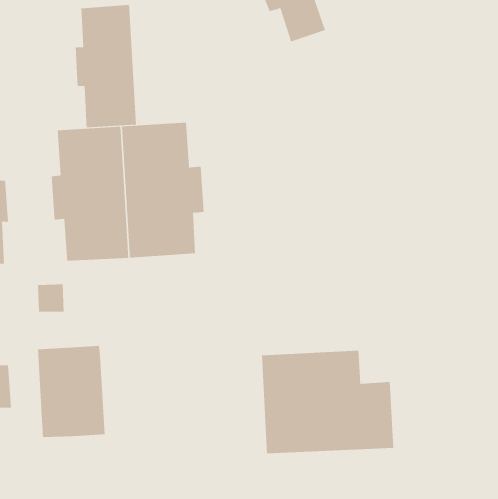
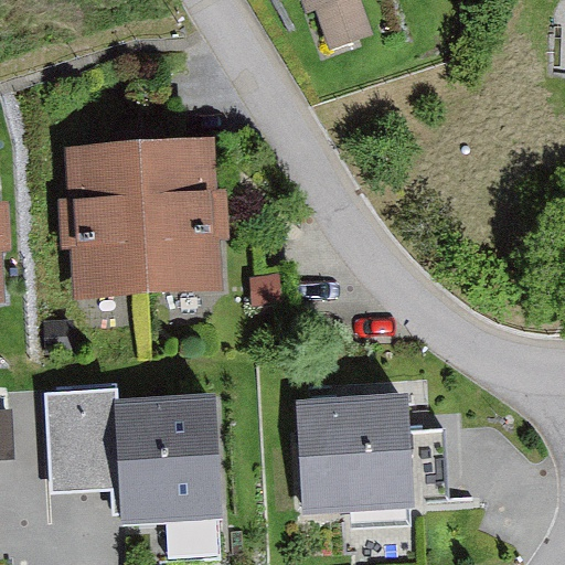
building: [75,4,137,128] -> none
building: none -> [114,395,223,516]

